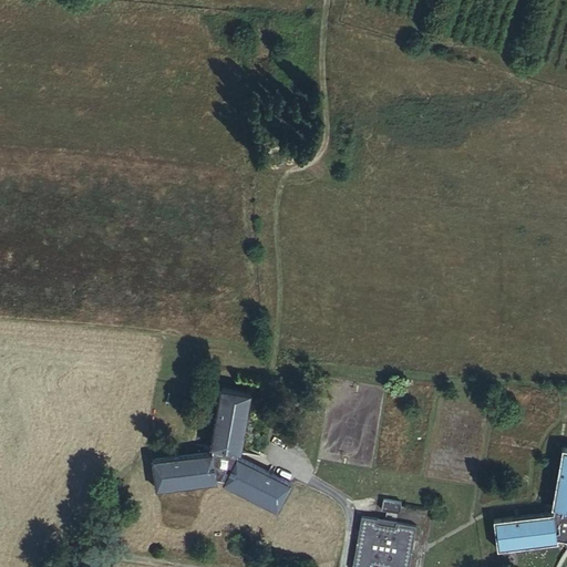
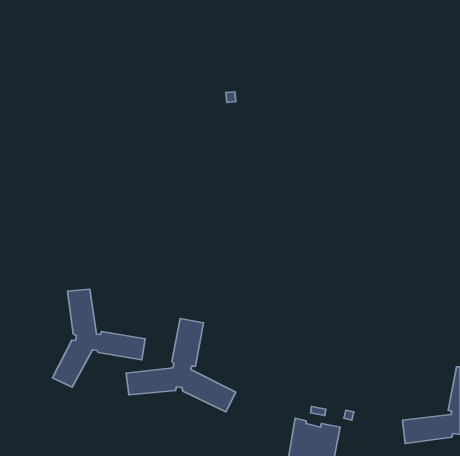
building: none -> [52,289,145,387]

